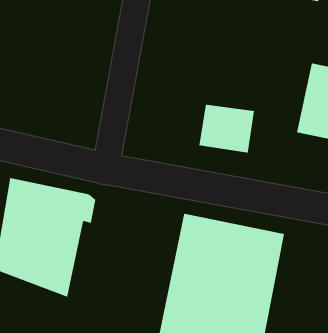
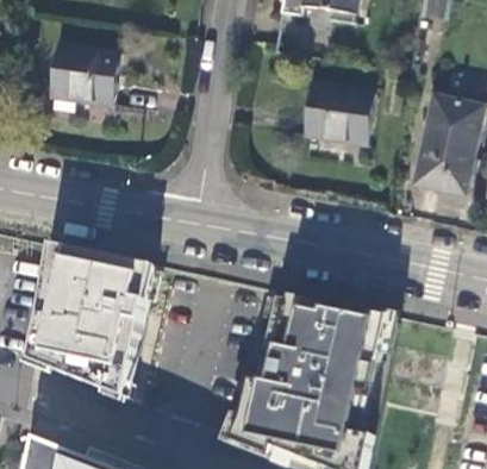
building: none -> [49,46,118,111]
building: [199,104,255,153] -> [301,87,373,149]

